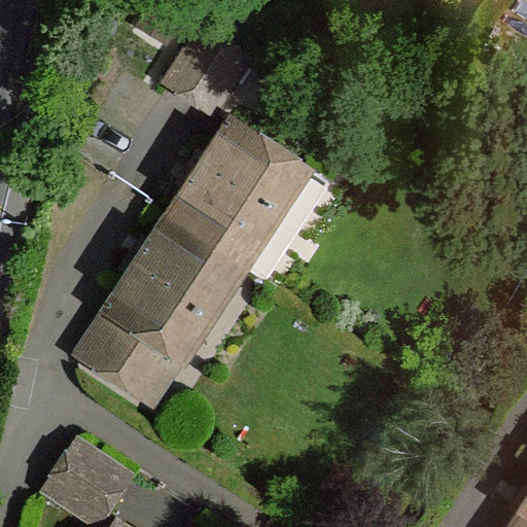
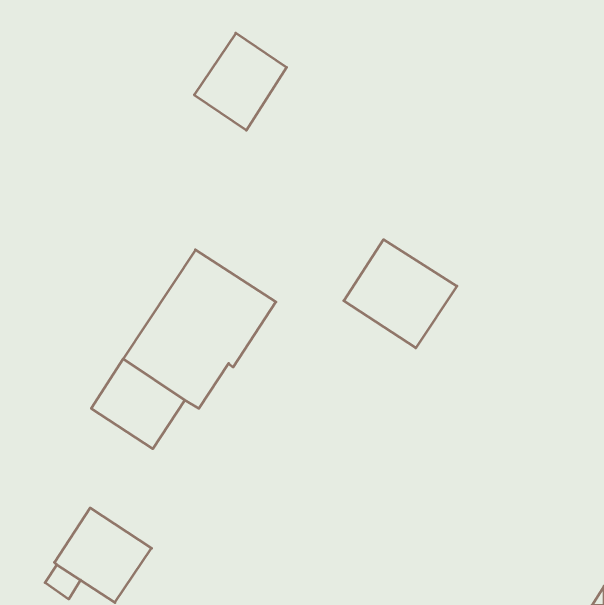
building: [170,121,298,262] -> none
building: none -> [344,240,457,348]

